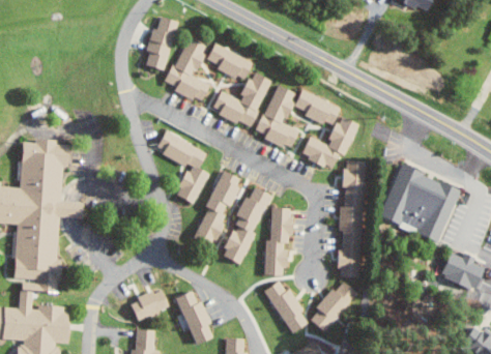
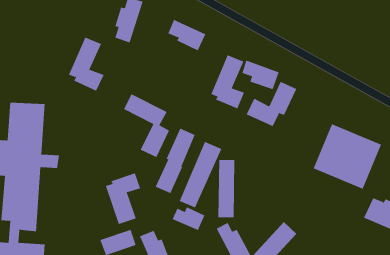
building: [168,37,210,101] -> [68,37,104,92]
building: [211,72,271,126] -> none
building: [337,159,364,277] -> none
building: none -> [105,172,141,225]
building: none -> [172,207,205,231]

